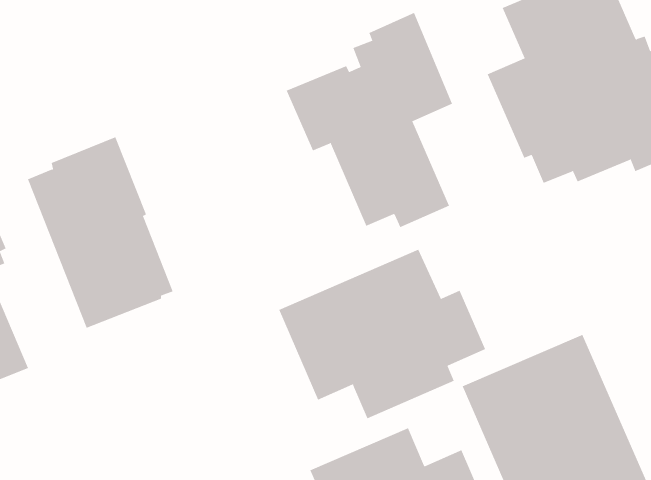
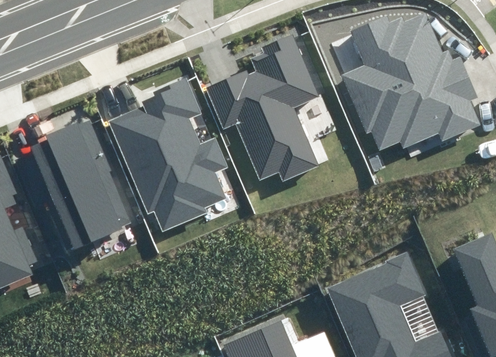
building: none -> [109,78,228,231]
building: [278,249,486,419] -> none

